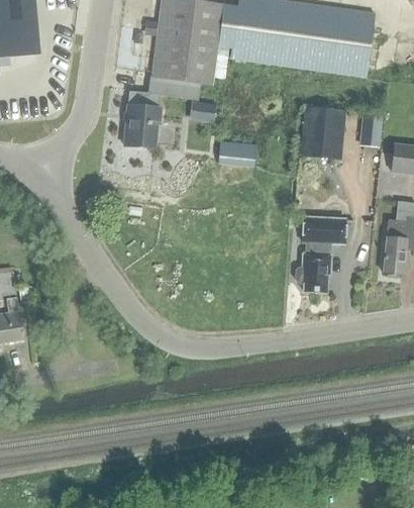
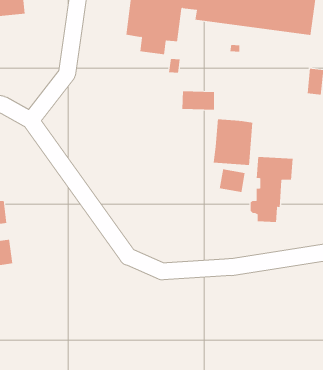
building: [124,91,161,148] -> none
building: [301,108,347,162] -> [213,119,253,165]
building: none -> [219,168,245,193]

